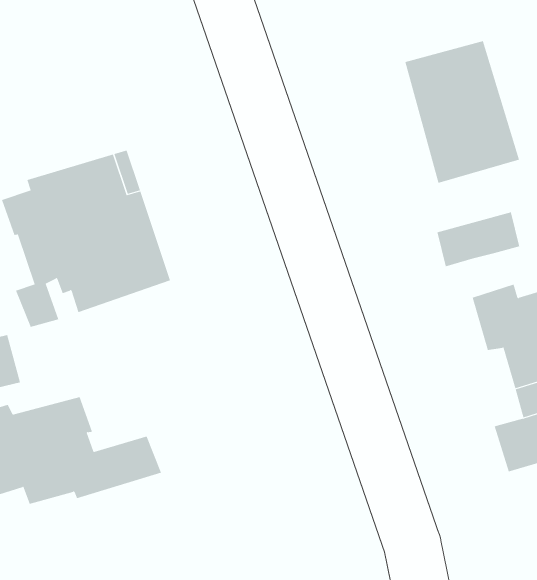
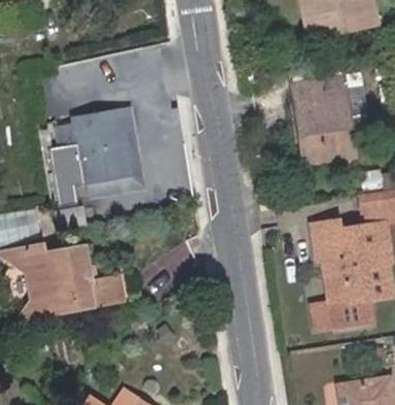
building: [437,211,520,267] -> none

